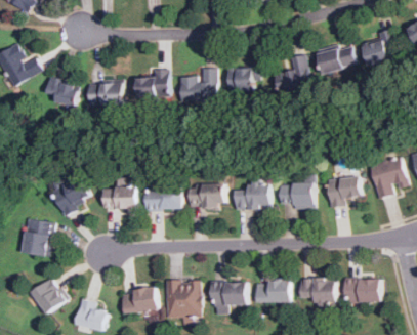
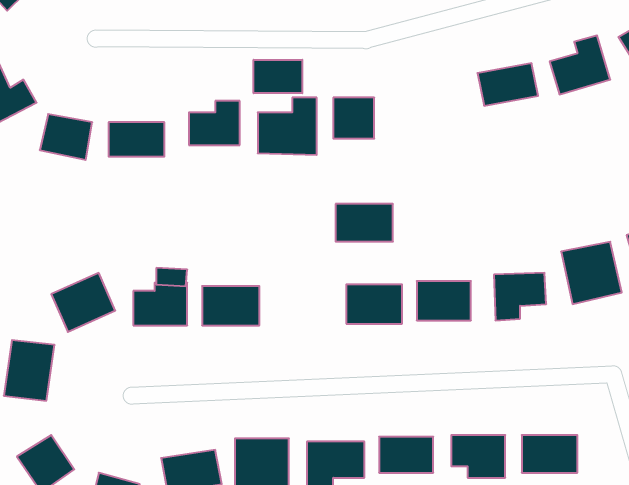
building: none -> [254,60,302,93]
building: [276,54,311,94] -> none
building: [189,183,224,207] -> [336,204,393,242]

